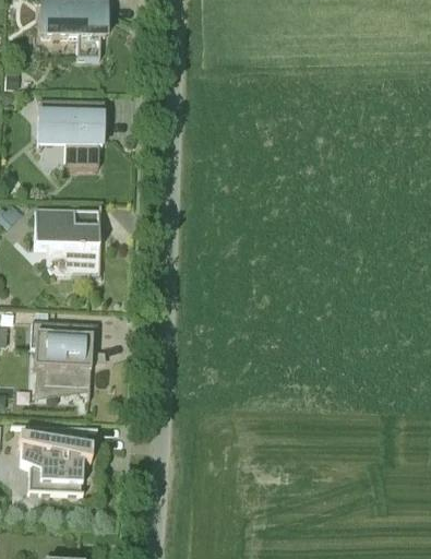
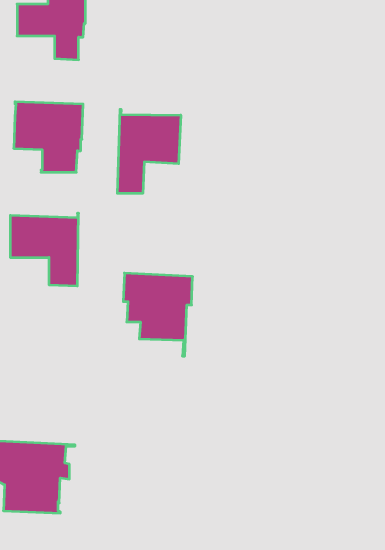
building: none -> [117,109,181,193]
building: [29,323,96,403] -> [123,273,193,356]

